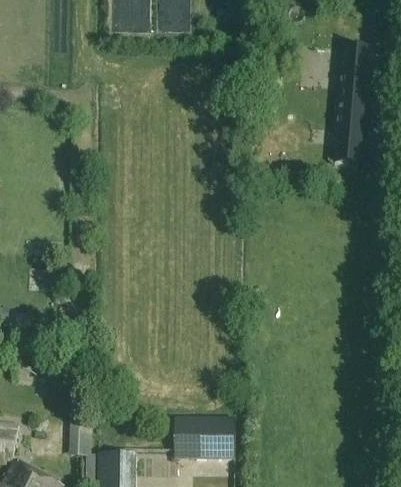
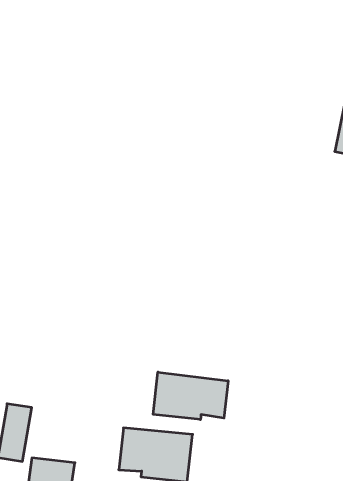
building: none -> [153,372,228,420]

